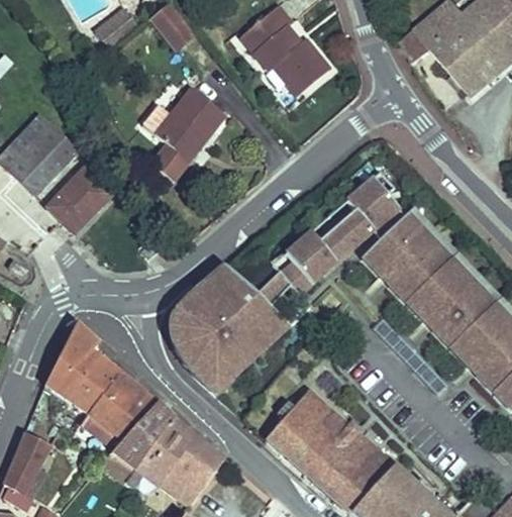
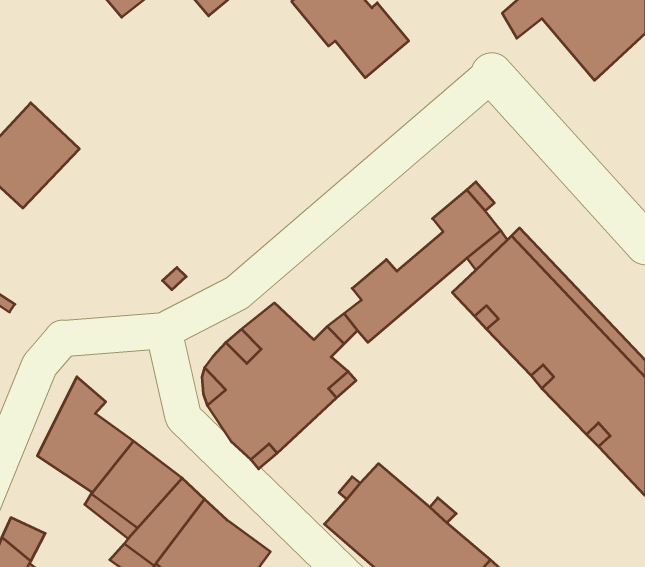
building: [141,86,225,181] -> none
building: [46,165,112,231] -> none

